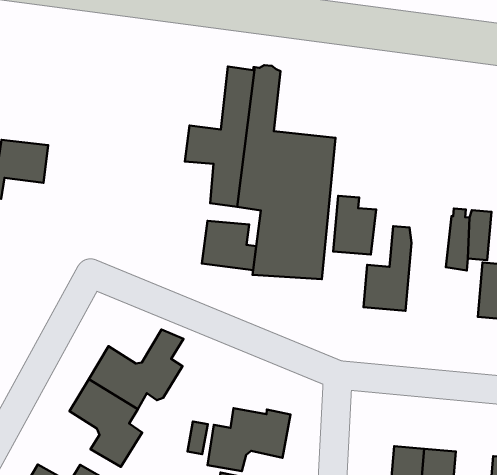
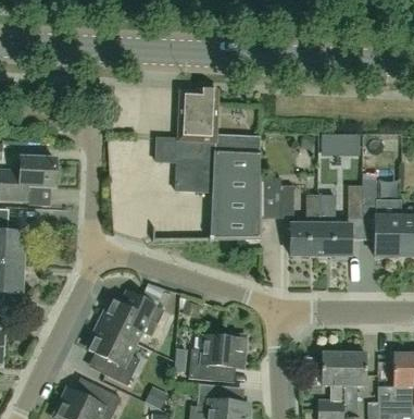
building: none -> [322,135,361,157]
building: [202,221,256,270] -> none
building: none -> [319,195,351,255]

